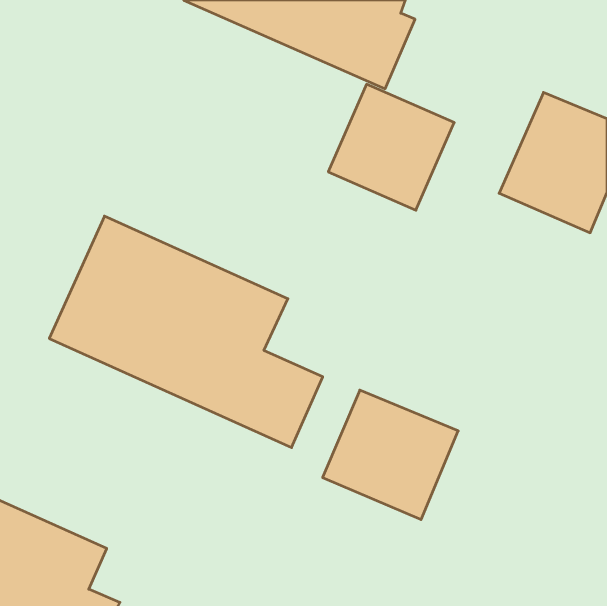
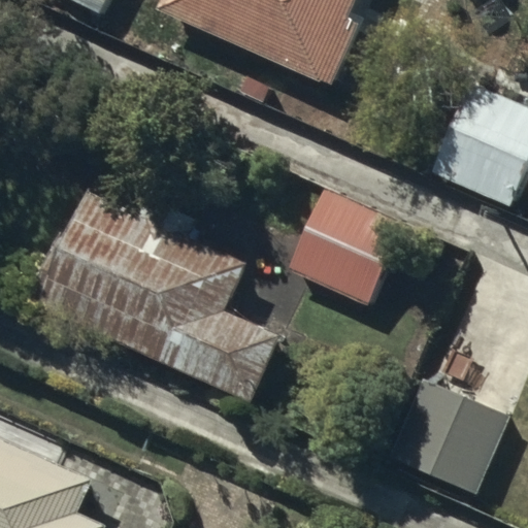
building: [328,84,454,210] -> [290,192,398,300]
building: [323,390,458,520] -> [389,383,505,494]

